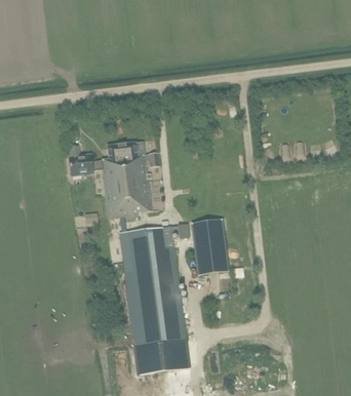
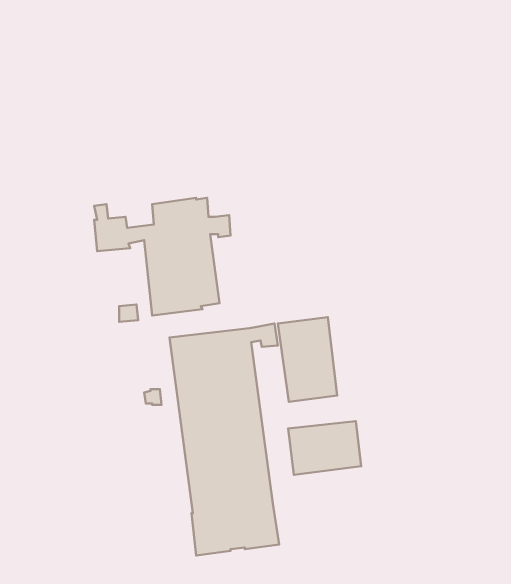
building: none -> [288,421,361,475]

